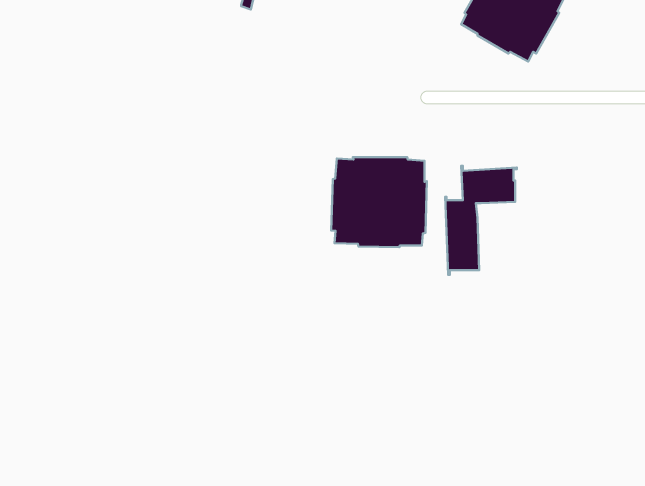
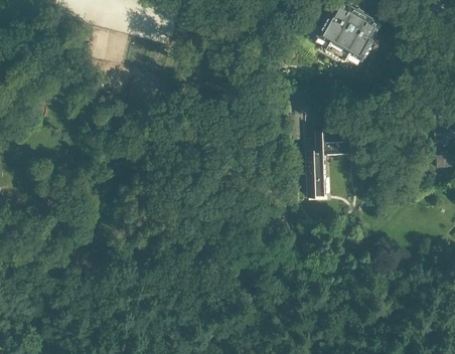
building: [331,157,427,247] -> none

